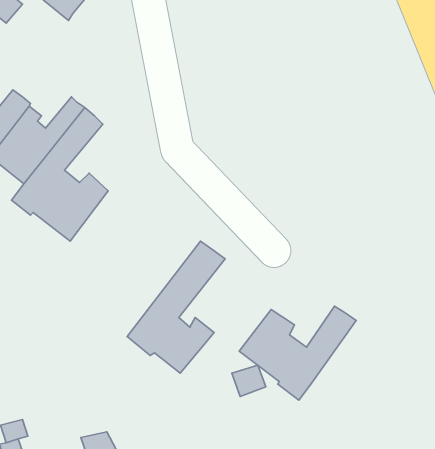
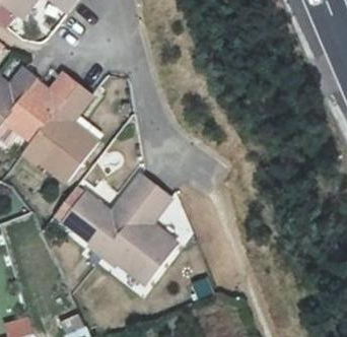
building: none -> [65,171,161,252]
building: [239,306,356,400] -> none

